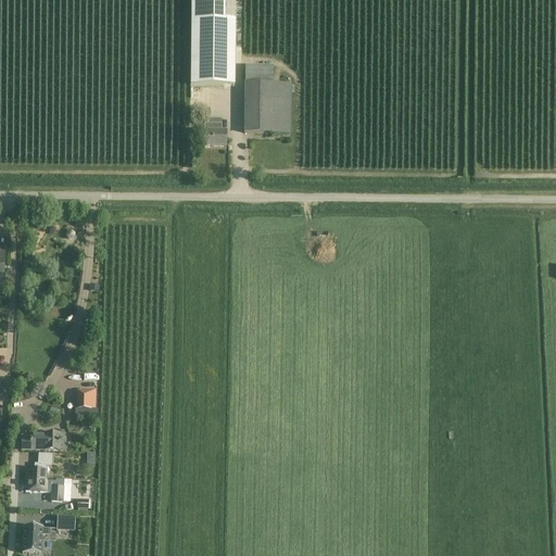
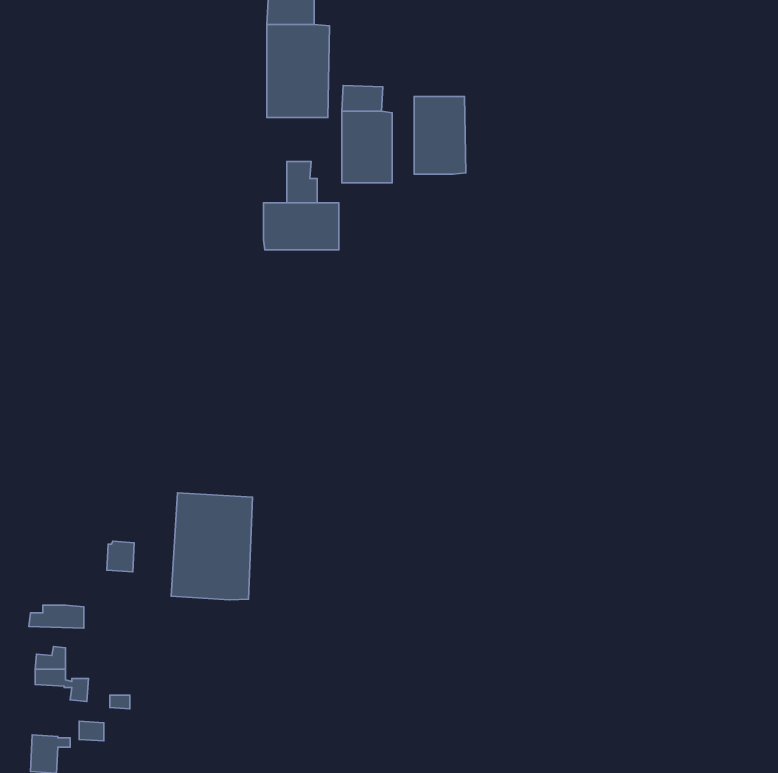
building: none -> [414,97,466,174]
building: none -> [263,203,339,250]
building: none -> [171,493,253,600]

